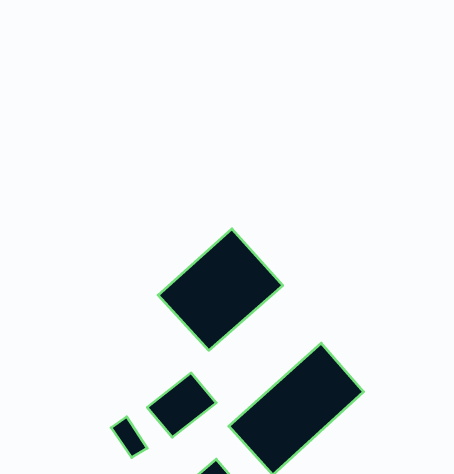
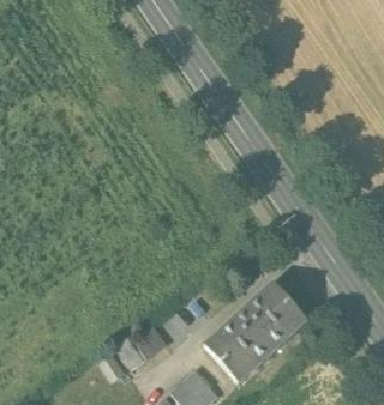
building: [158,229,283,350] -> none

